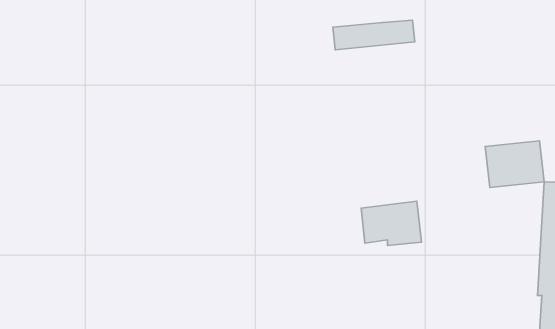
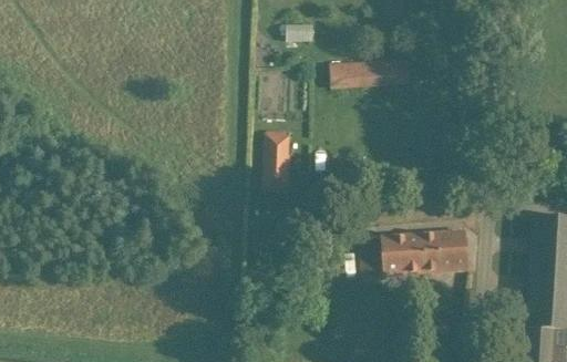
building: none -> [265,133,291,187]
building: [485,141,544,188] -> [416,229,474,275]

